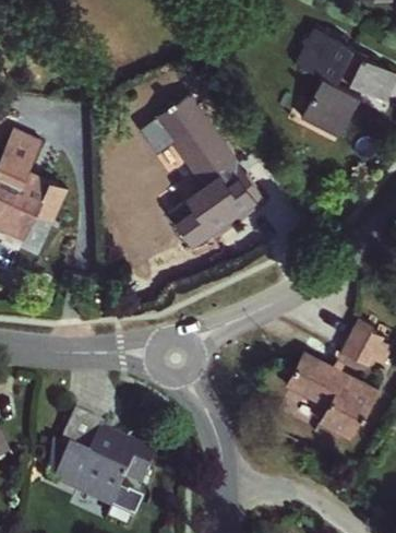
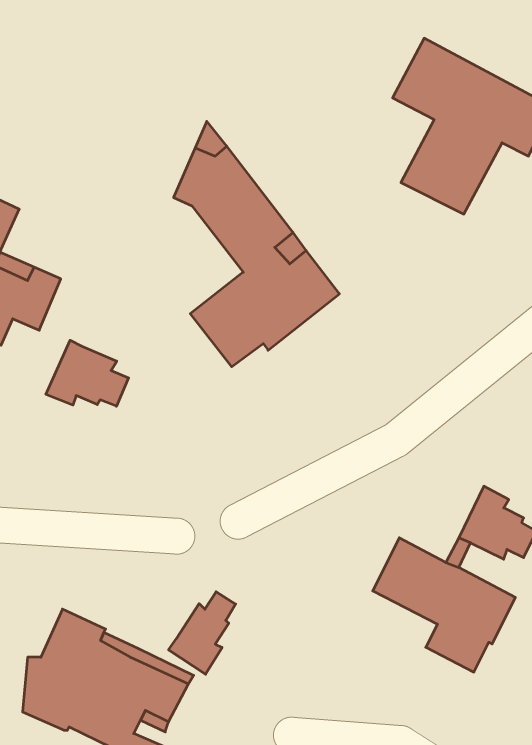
building: none -> [46,340,129,406]
building: none -> [169,592,236,674]

